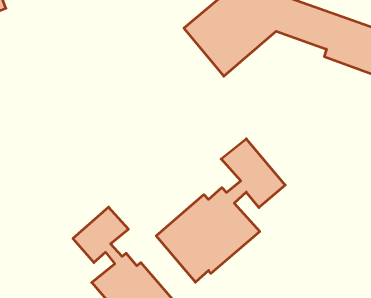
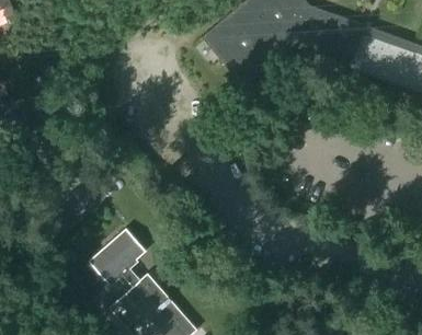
building: [156,139,285,282] -> none

